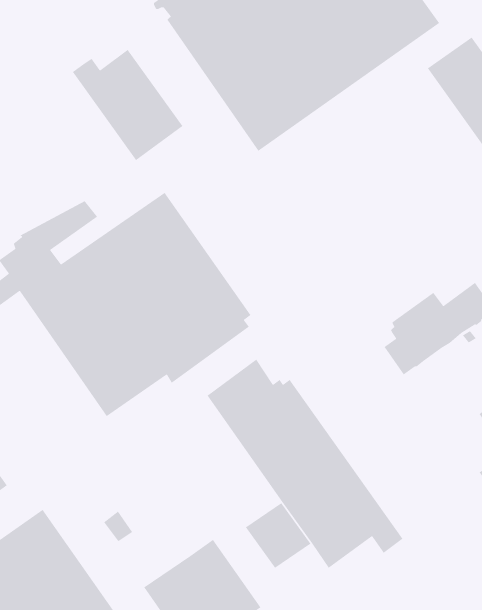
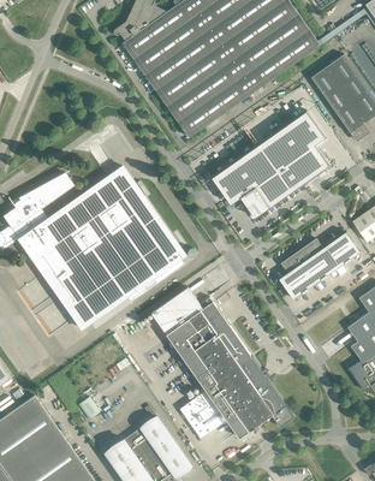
building: [72,49,183,161] -> none
building: none -> [212,111,329,218]

